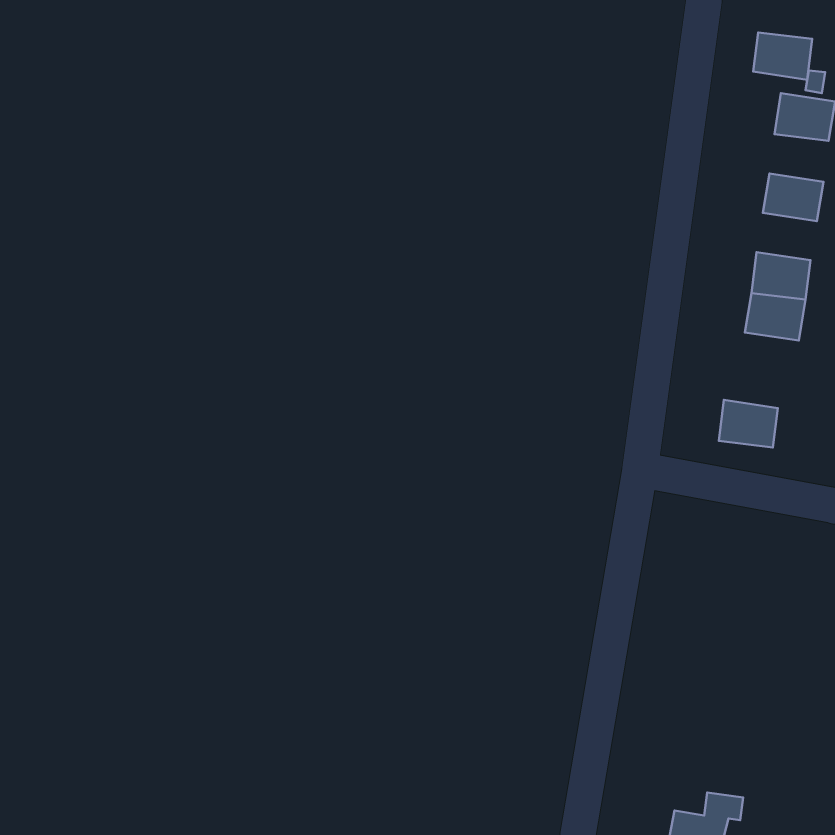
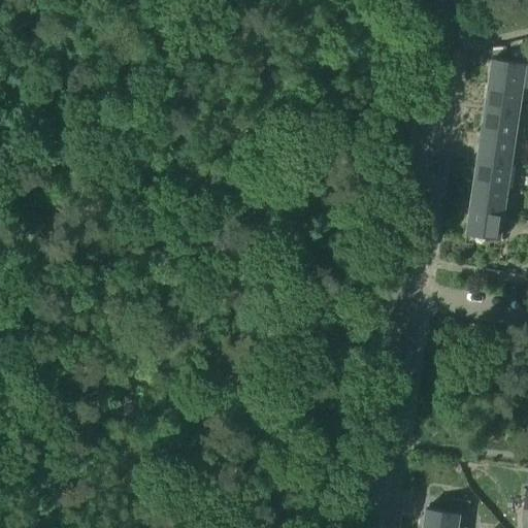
building: [753,32,812,80] -> [485,86,522,116]
building: none -> [476,135,515,165]
building: [719,400,778,447] -> [466,210,503,240]

